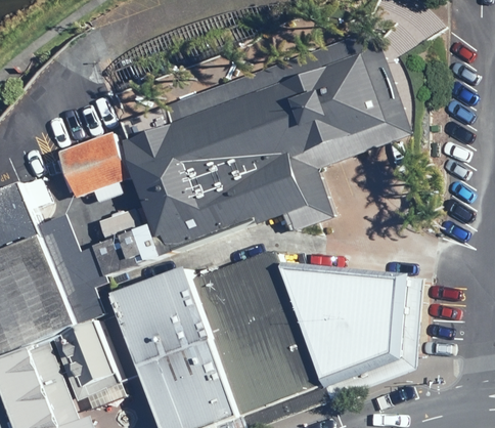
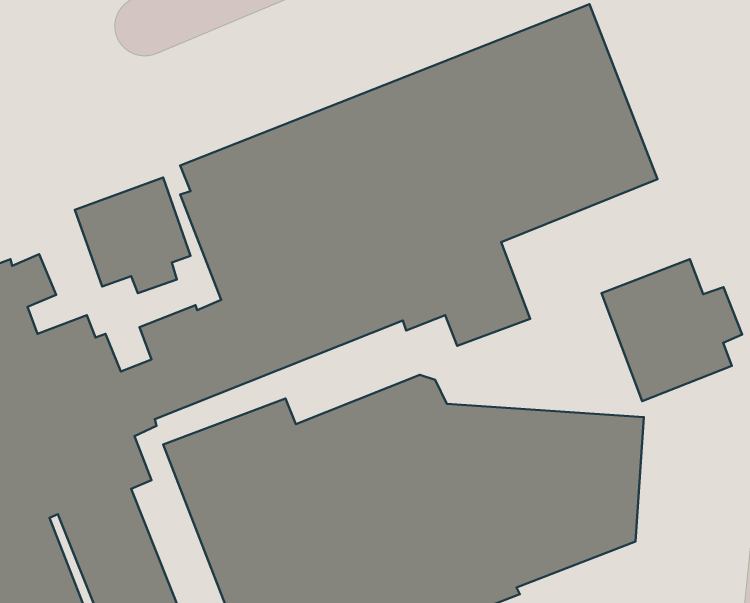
building: none -> [601,259,742,401]

